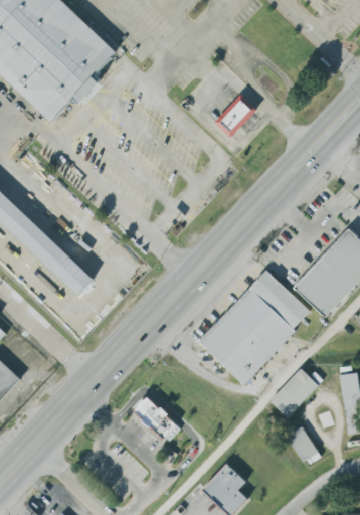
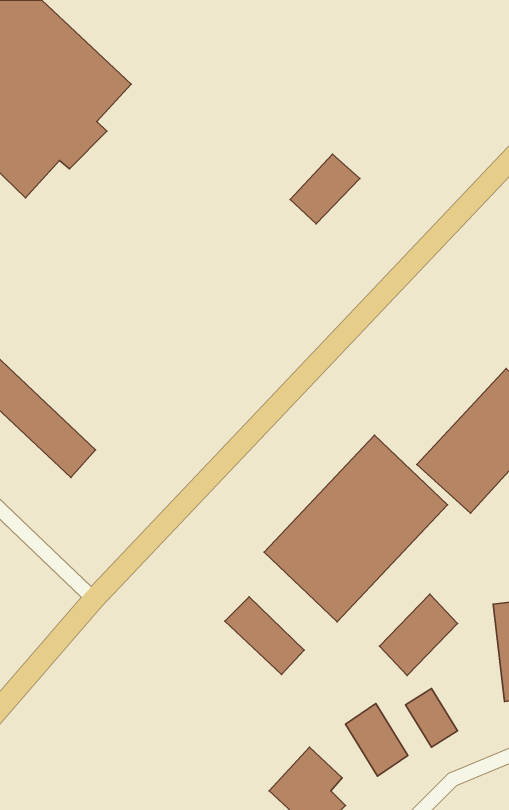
building: [132,395,181,444] -> [225,597,304,675]
building: none -> [345,704,408,776]

